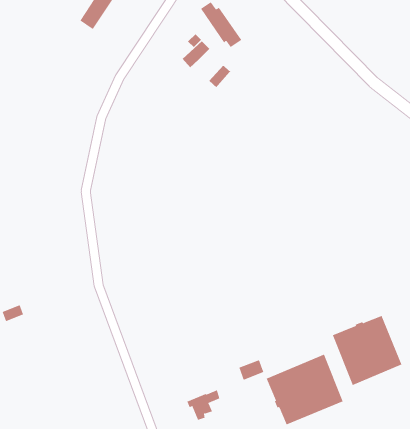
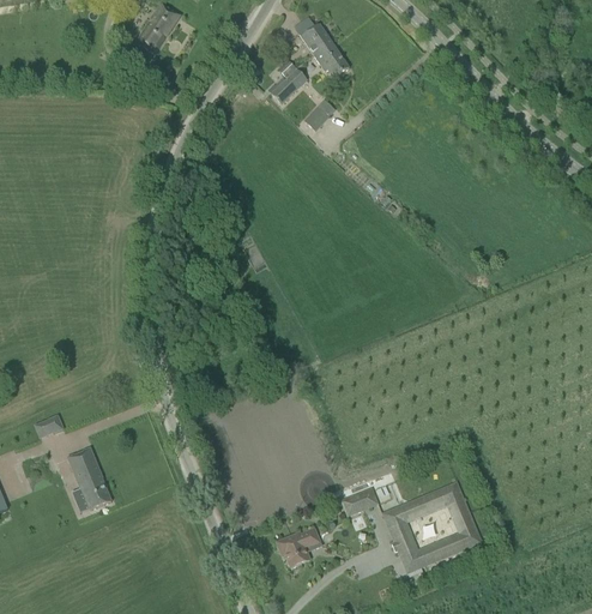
building: [332,315,402,386] -> none
building: none -> [67,447,110,510]

